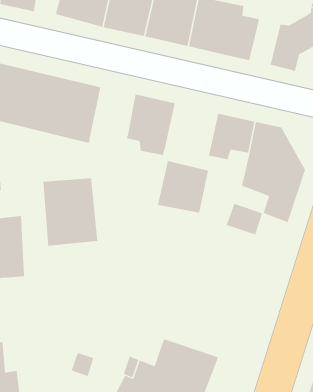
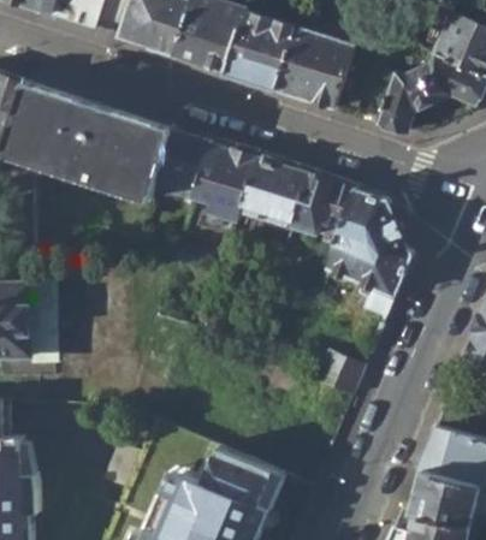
building: none -> [153,130,208,190]
building: [157,161,209,213] -> [241,158,308,226]
building: [43,177,98,246] -> none
building: [226,203,263,235] -> [316,352,363,394]

